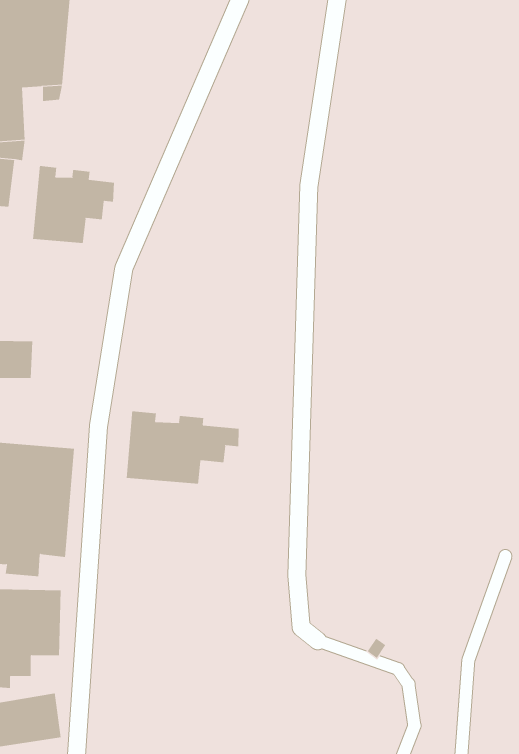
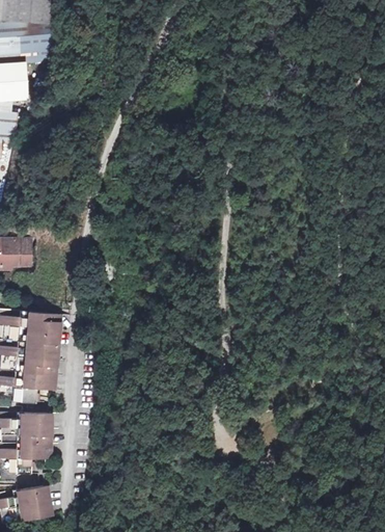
building: [32,165,115,244] -> none
building: [126,410,239,484] -> none

